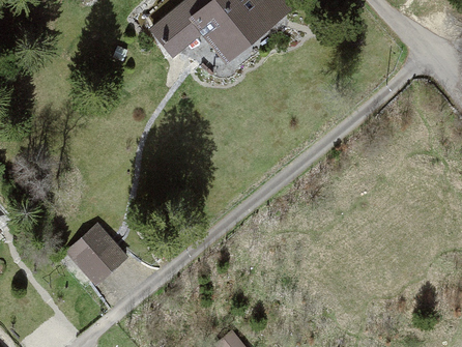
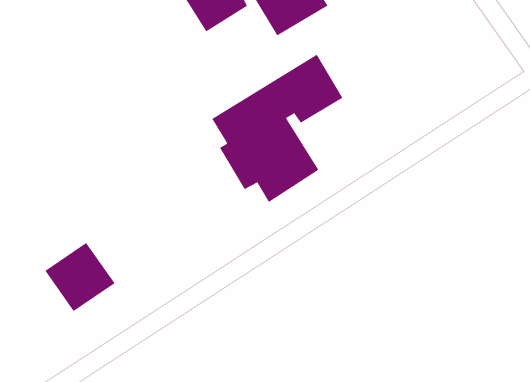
building: none -> [211,54,343,203]

